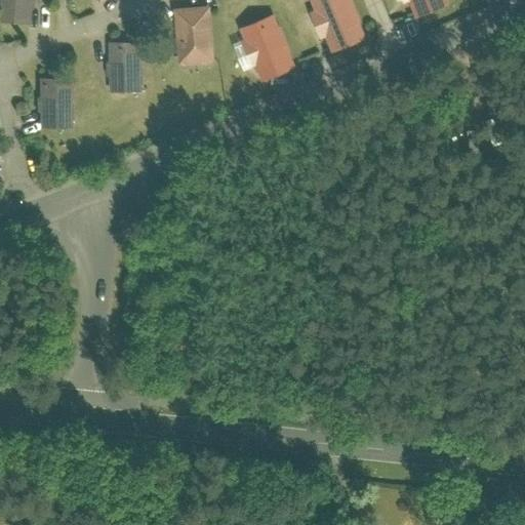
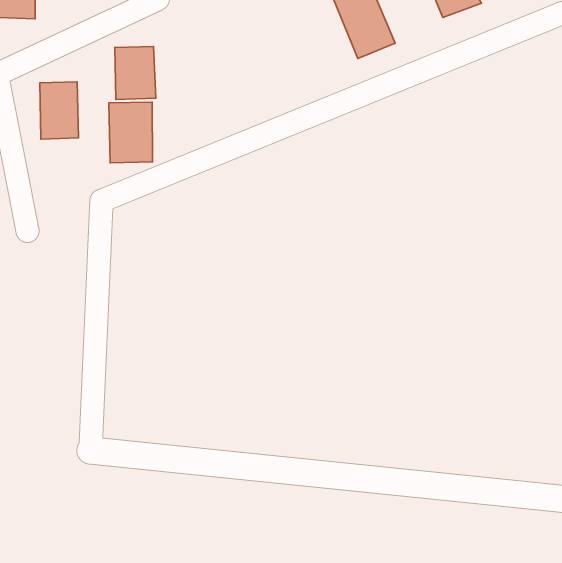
building: [174,7,214,64] -> none
building: [239,12,293,79] -> none
building: none -> [109,102,152,163]

